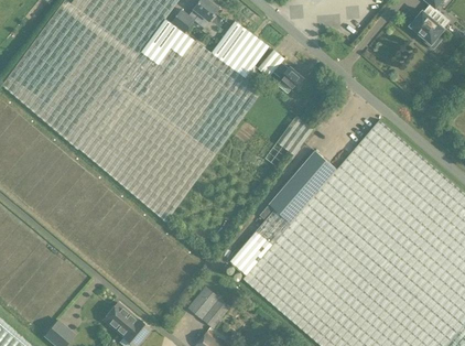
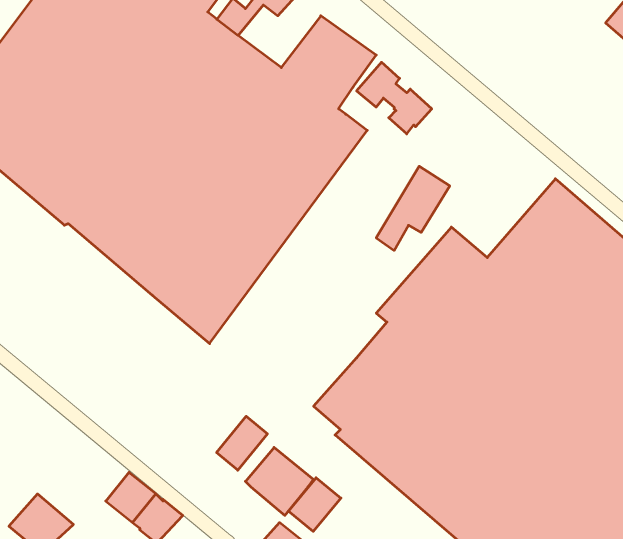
building: none -> [217,416,267,470]
building: none -> [288,478,341,531]

